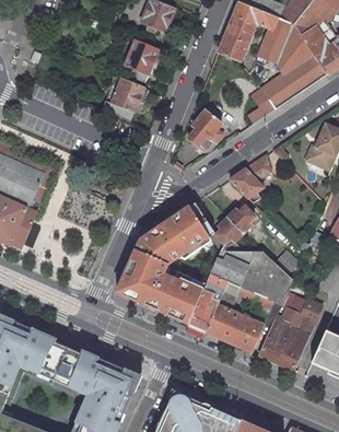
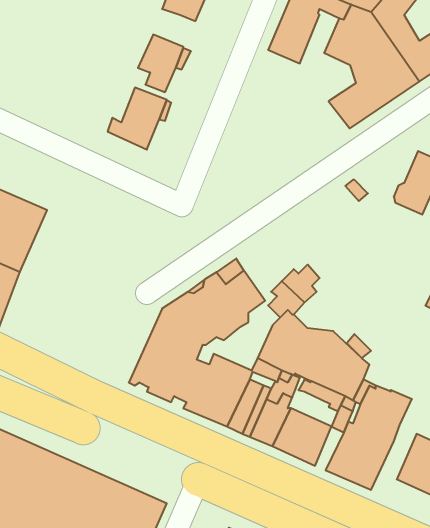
building: [247,87,276,122] -> none
building: [187,109,222,148] -> none
building: [229,153,270,198] -> none

